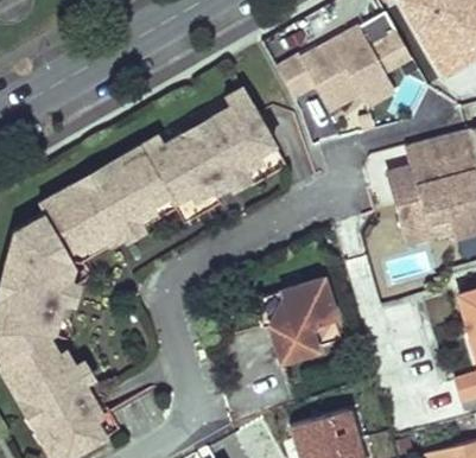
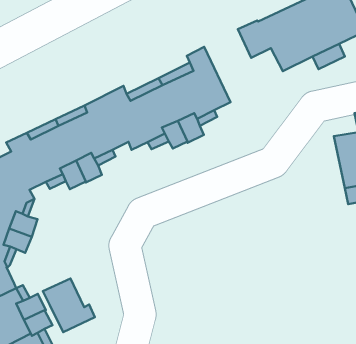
building: [261,280,343,362] -> none
building: none -> [43,279,95,332]

